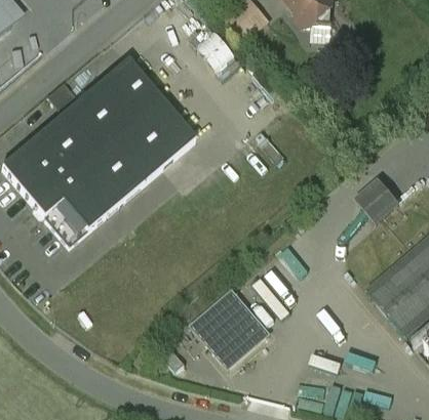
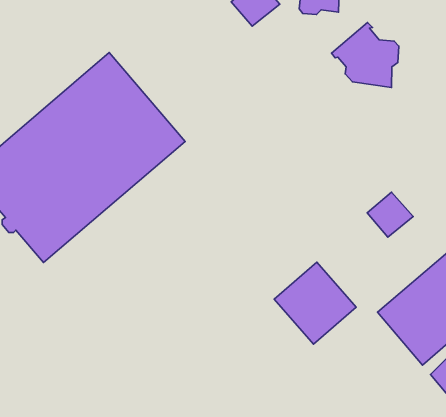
building: none -> [332,22,399,88]
building: [194,291,267,364] -> [274,262,356,344]

